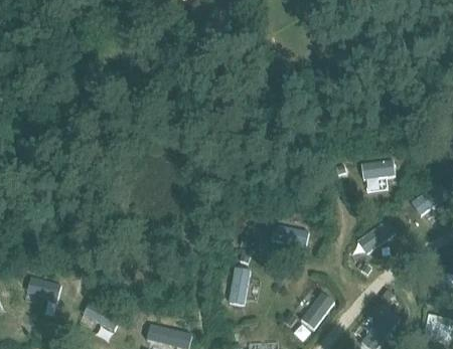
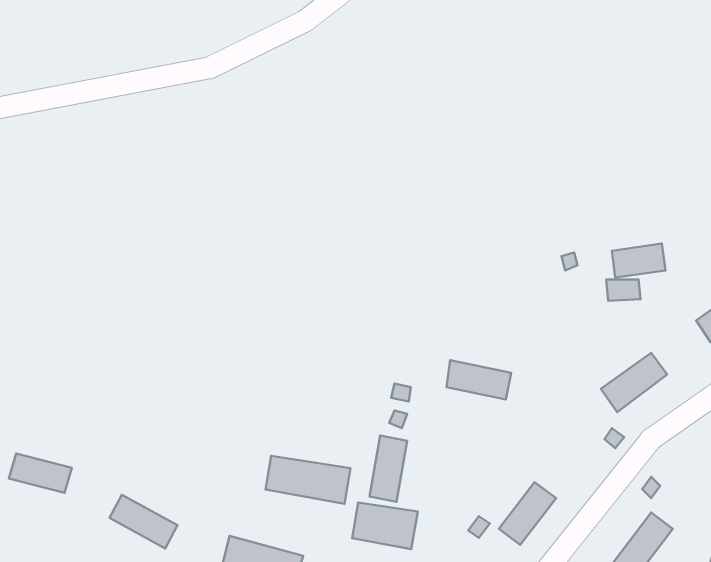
building: none -> [266,456,351,504]
building: none -> [352,503,418,549]

